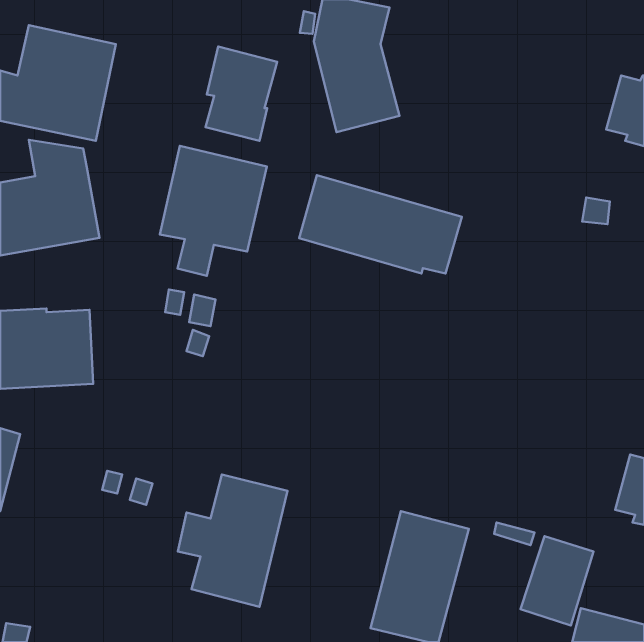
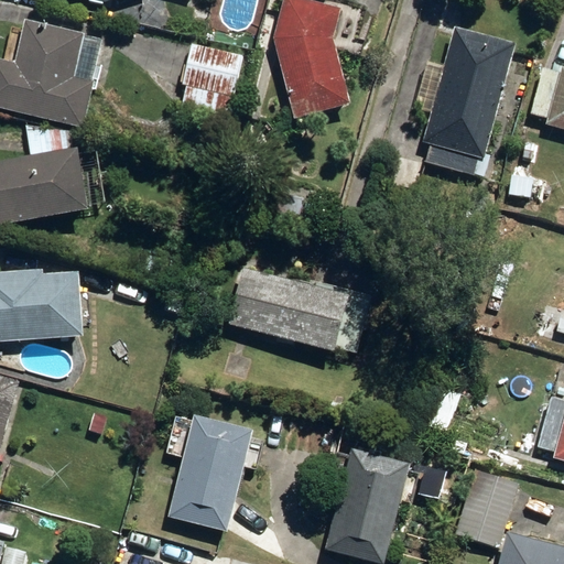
building: none -> [413,26,514,174]
building: [160,146,267,276] -> none
building: [299,175,462,273] -> [228,265,370,351]

